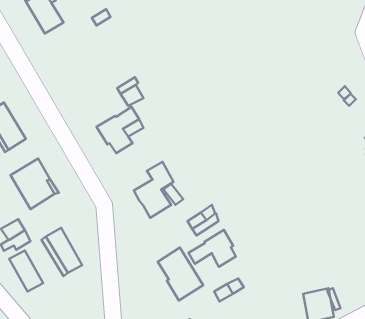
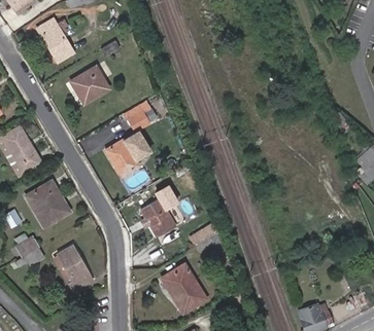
building: none -> [72,67,109,103]
building: [188,230,236,267] -> none
building: [9,251,43,292] -> none

